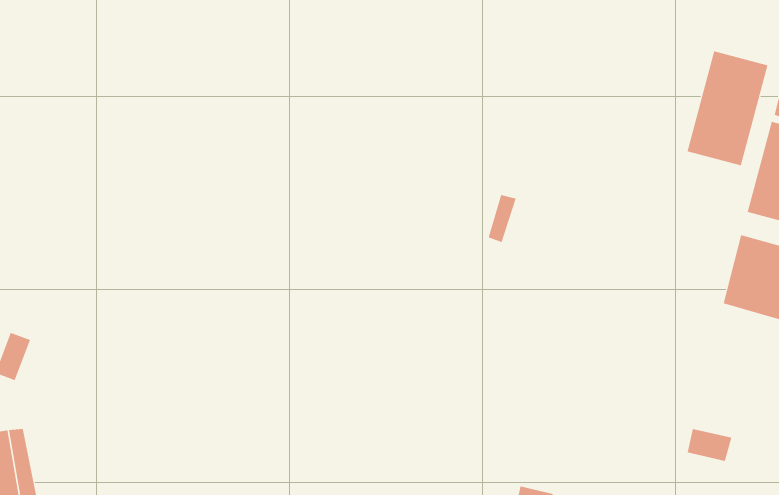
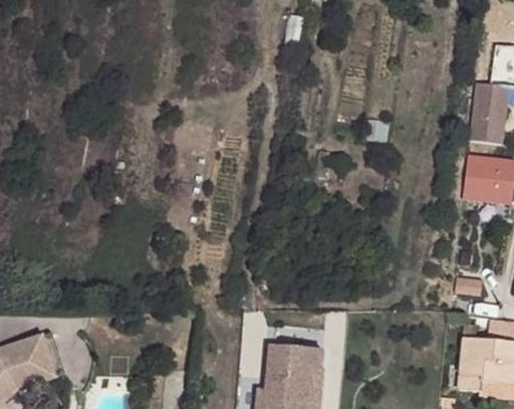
building: [687,51,768,166] -> none

